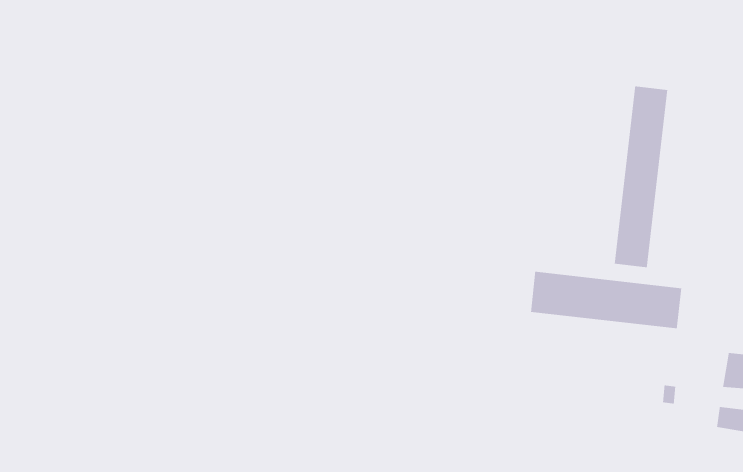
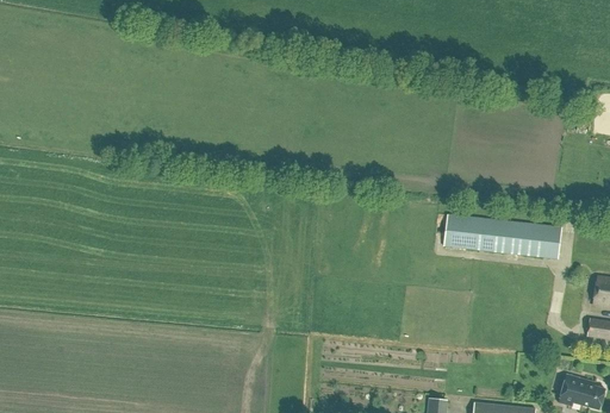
building: [614,86,668,268] -> none

